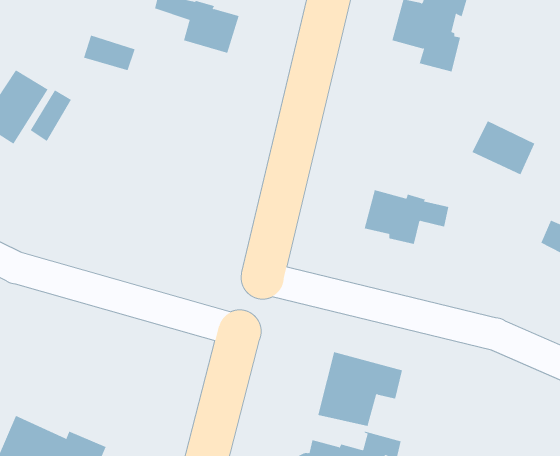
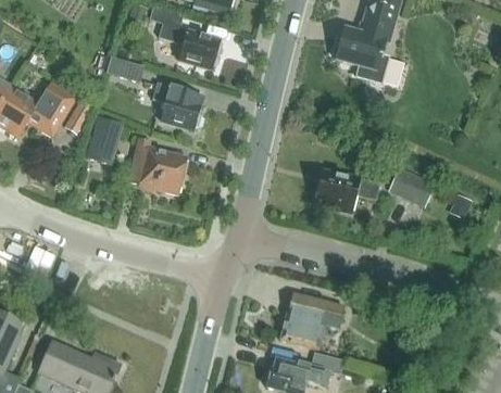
building: none -> [152,81,202,129]
building: none -> [87,117,122,164]
building: [472,120,535,175] -> [385,166,433,207]
building: none -> [128,138,187,194]

